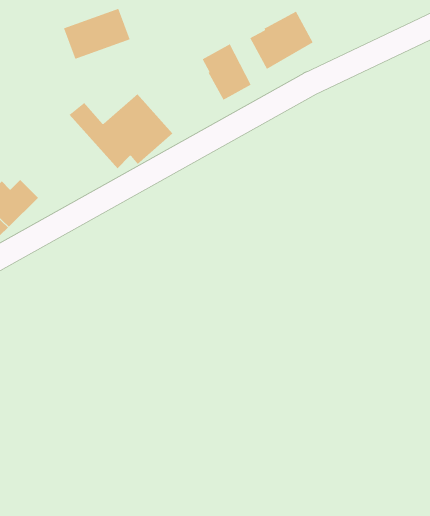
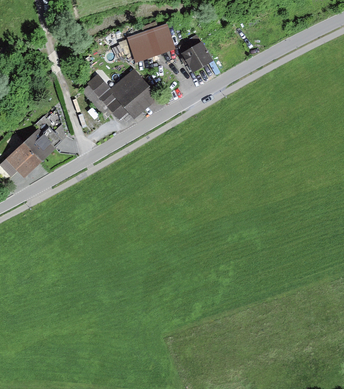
building: [63,8,130,60] -> [126,25,173,61]
building: [249,11,314,70] -> none

